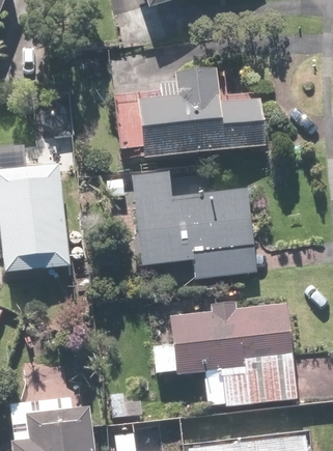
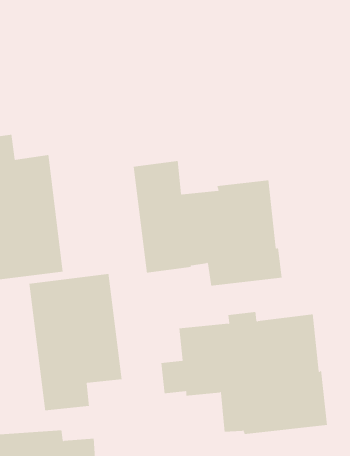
building: [113,71,266,161] -> none
building: none -> [29,273,122,411]

